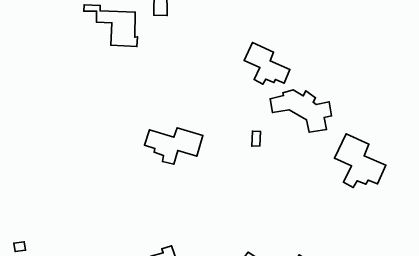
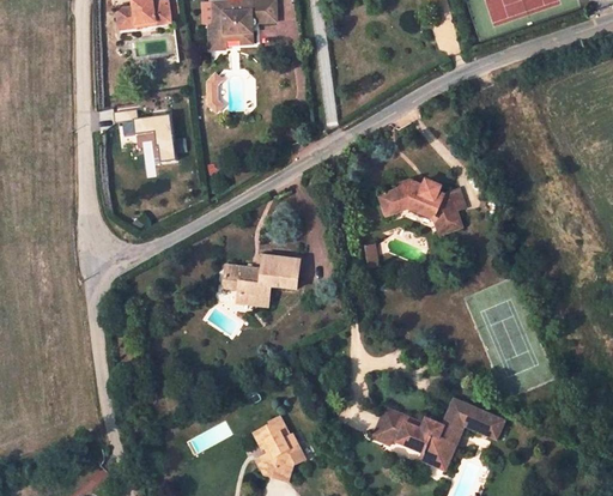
building: [244,43,290,84] -> none
building: [334,134,386,187] -> none

